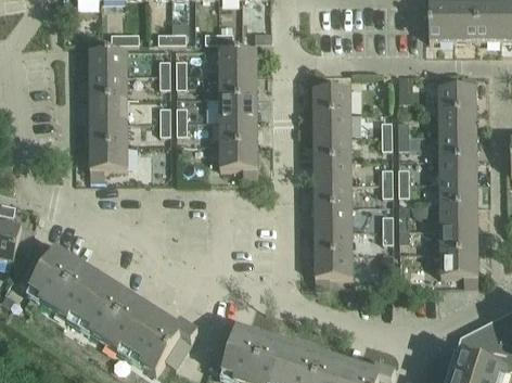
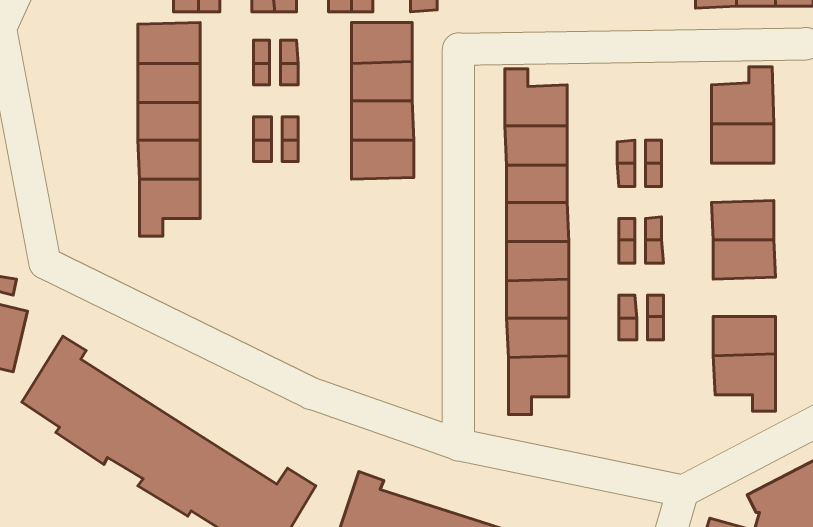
building: [439,133,477,157] -> none
building: [220,142,258,177] -> none
building: [440,203,478,227] -> none

